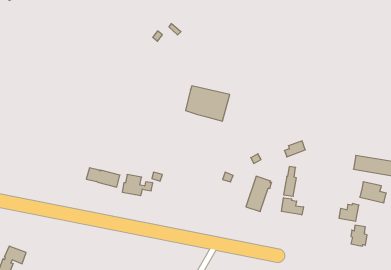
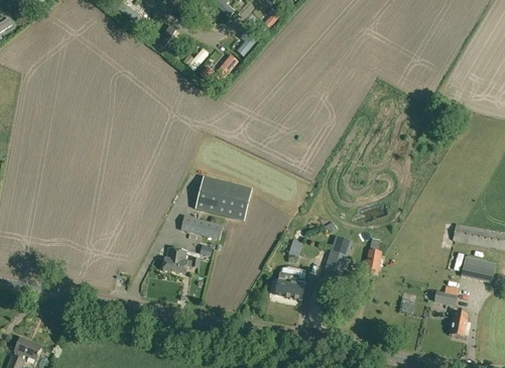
building: [186,86,230,121] -> [196,175,251,220]
building: [86,168,120,187] -> [180,214,223,238]
building: none -> [276,271,304,296]
building: [281,198,303,215] -> none

